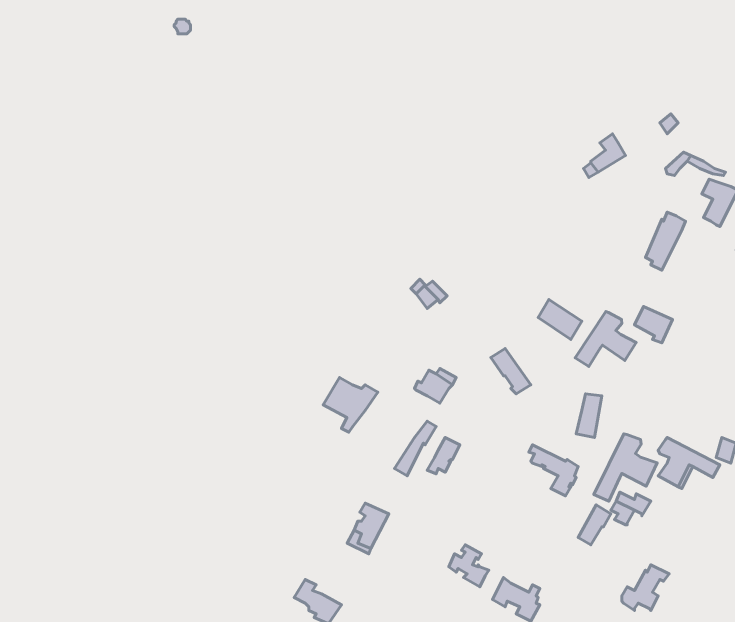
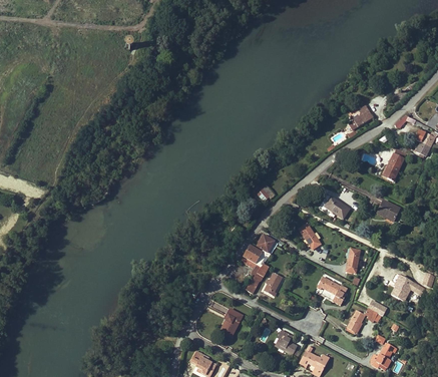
building: [575,312,636,366] -> none
building: [323,378,378,432] -> [240,246,270,276]
building: [594,434,657,501] -> none

